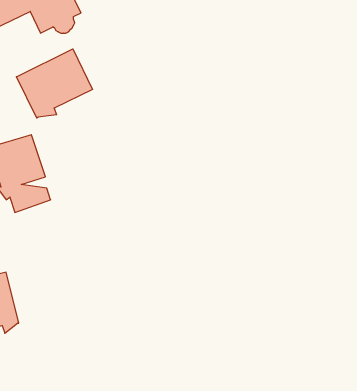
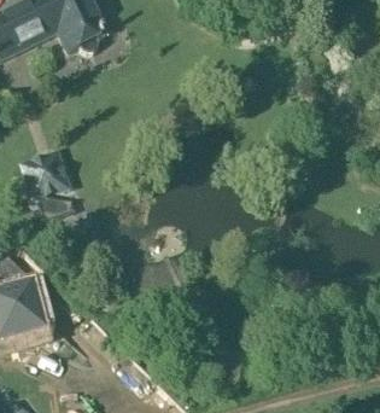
building: [16,49,93,118] -> none

